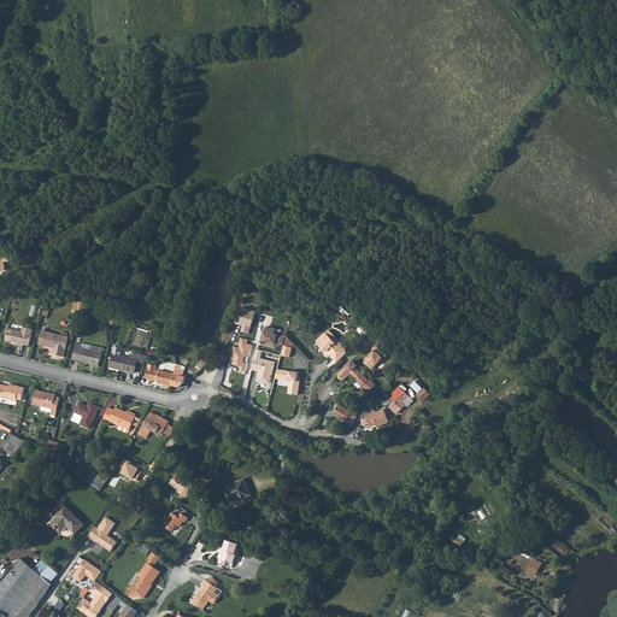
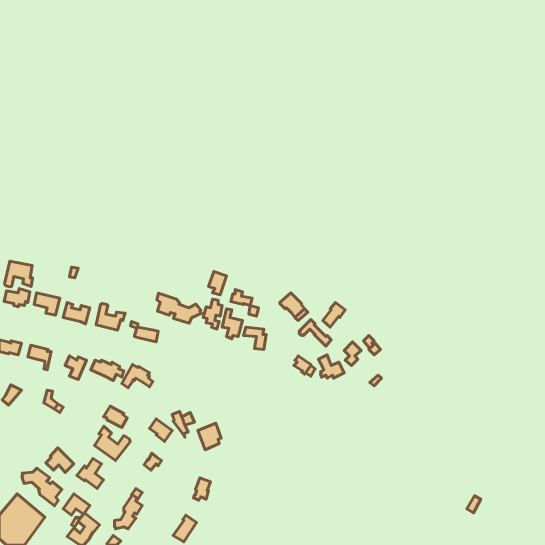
building: none -> [4,261,33,287]
building: none -> [157,293,202,323]
building: none -> [95,426,130,461]
building: none -> [22,468,62,506]

